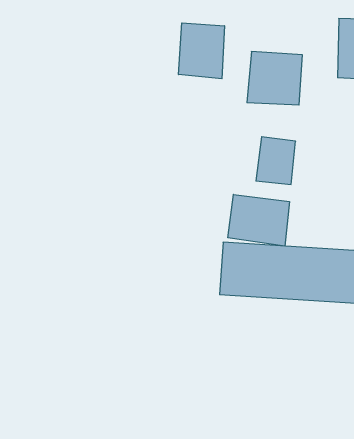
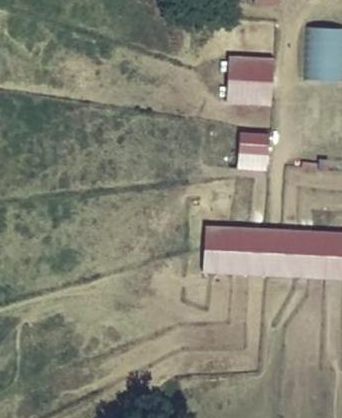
building: [179,23,224,79] -> none
building: [228,194,289,246] -> none

